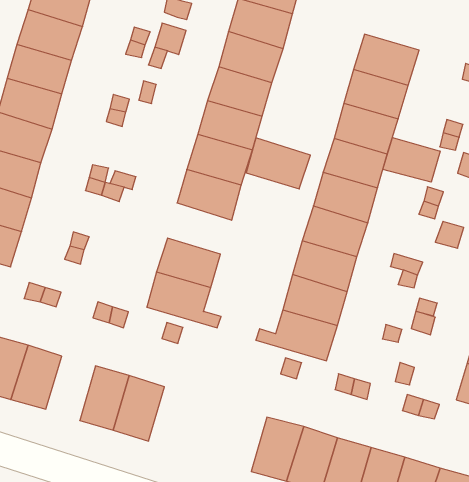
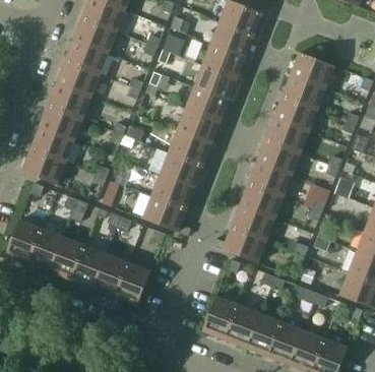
building: [383,137,440,182] -> none
building: [246,138,310,189] -> [161,151,203,187]
building: none -> [72,245,107,288]

